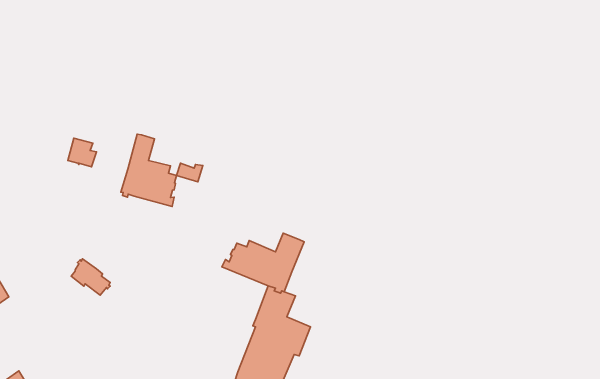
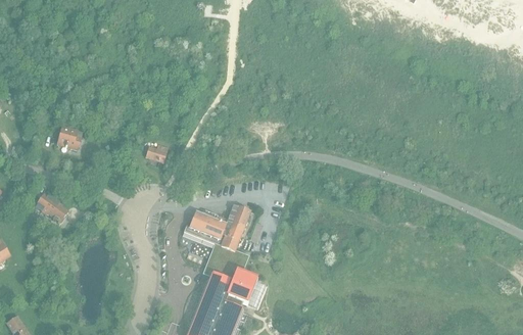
building: [121,134,177,206] -> none
building: [71,259,110,295] -> [37,193,68,223]

